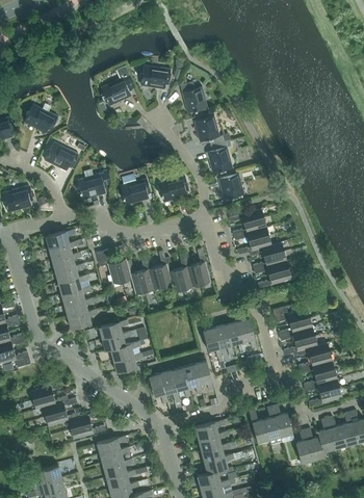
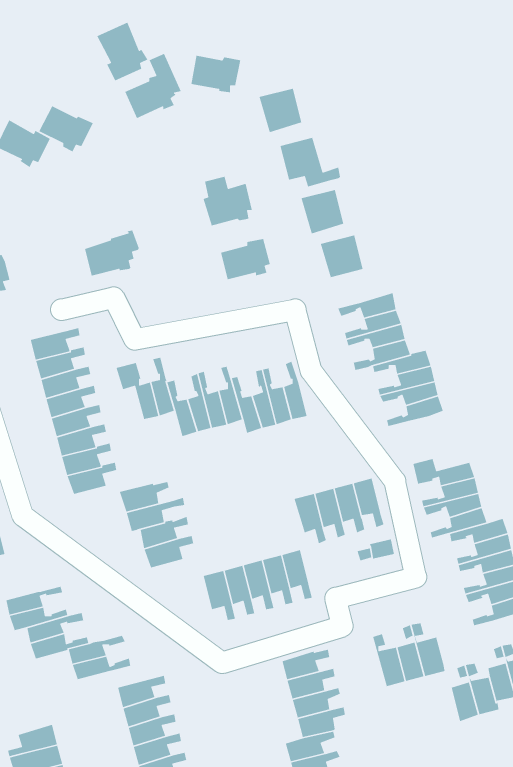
building: none -> [96,22,149,81]
building: [45,143,78,172] -> [38,105,94,152]
building: [120,174,150,204] -> [202,176,253,226]

